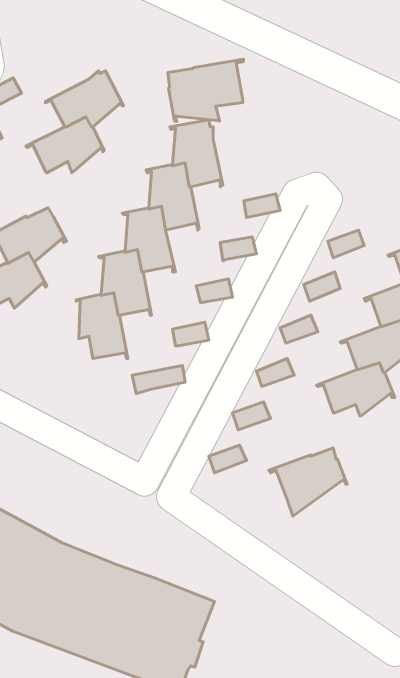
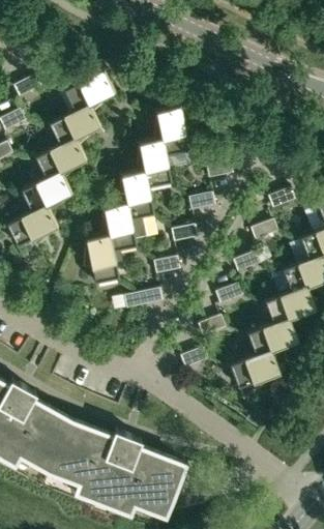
building: [168,59,243,122] -> none
building: none -> [31,135,89,176]
building: none -> [243,315,301,355]

